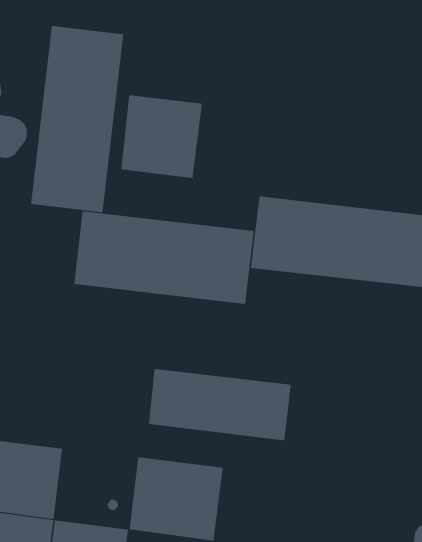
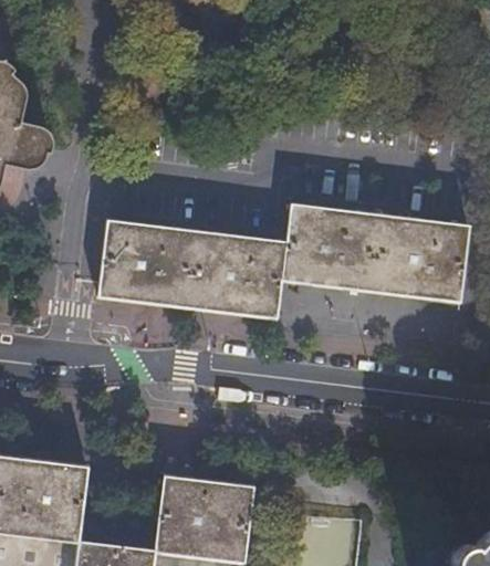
building: [30,25,124,213] -> none
building: [121,95,202,179] -> none
building: [149,368,291,441] -> none

